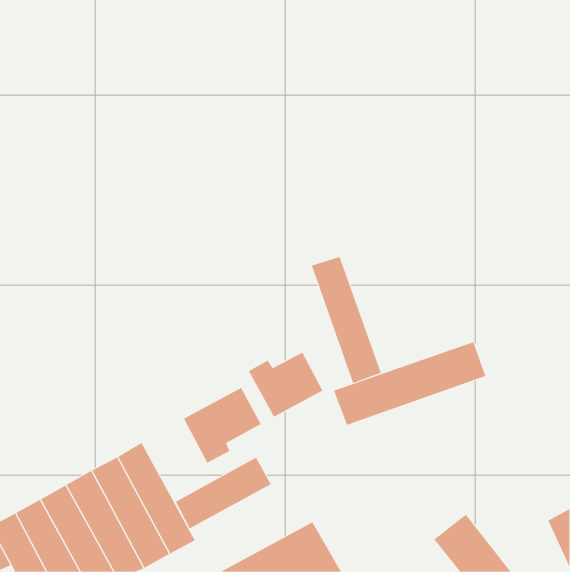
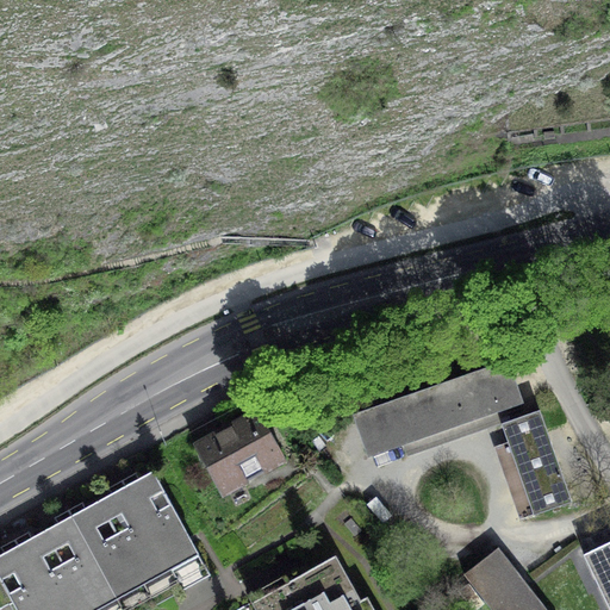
building: [311,256,381,384] -> none
building: [248,352,323,417] -> none
building: none -> [500,410,571,515]
building: [175,457,271,529] -> none

